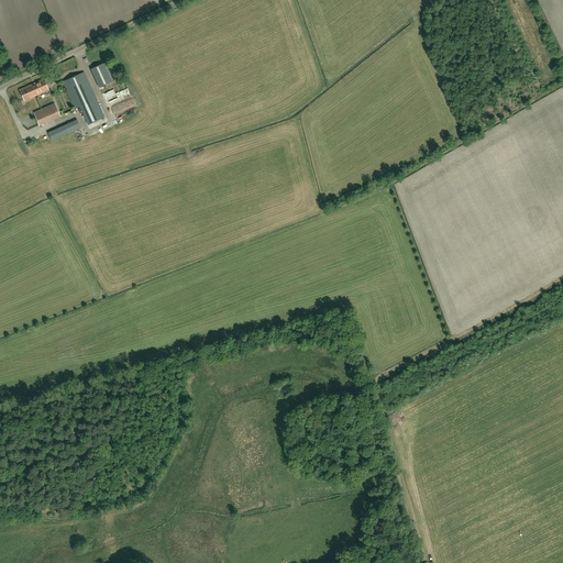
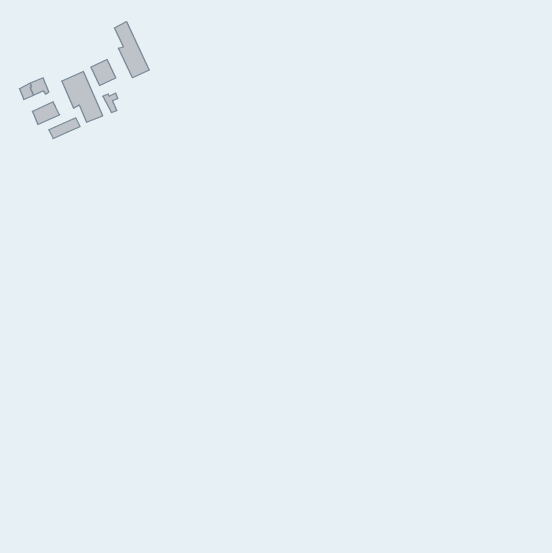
building: none -> [114,22,149,78]

